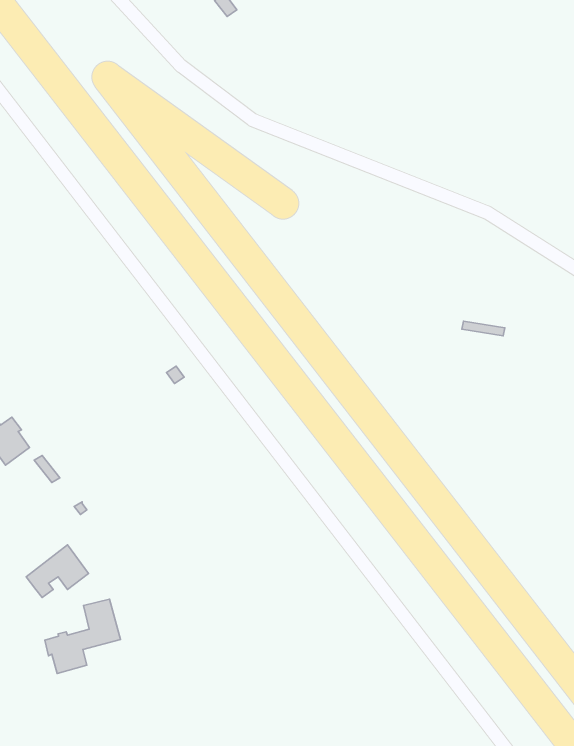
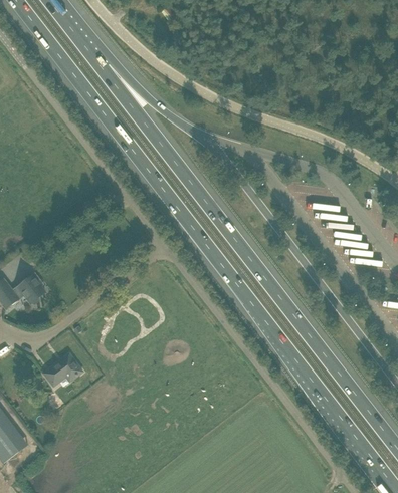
building: [45,599,120,673] -> none

